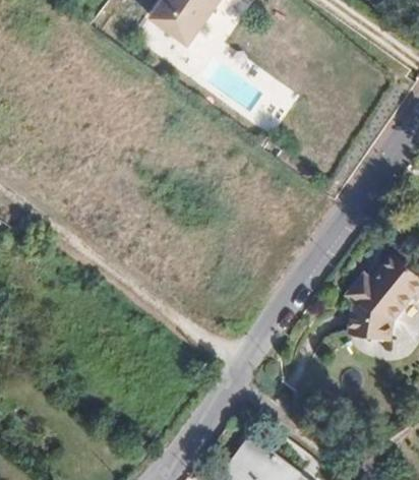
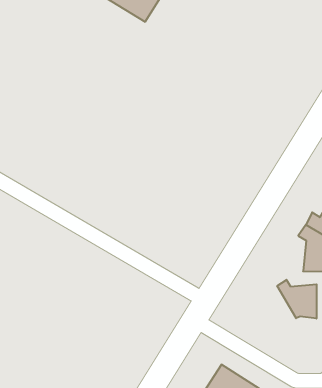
building: none -> [277,280,317,319]

